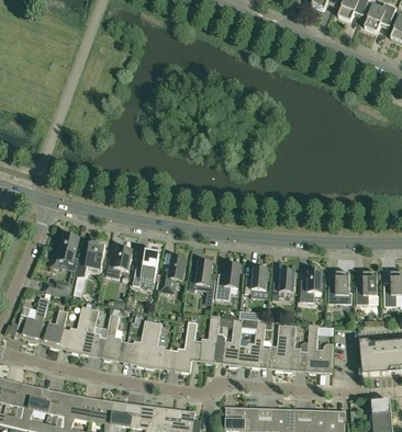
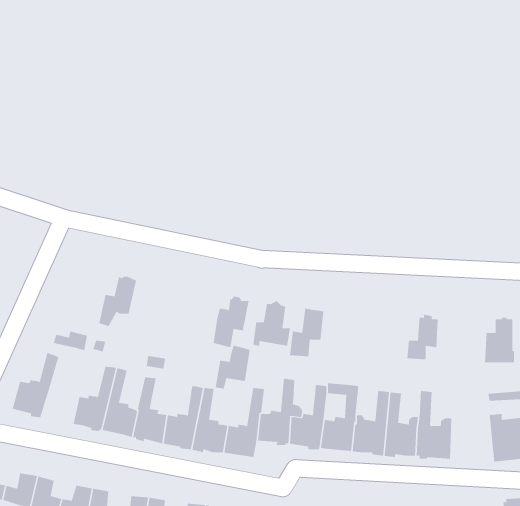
building: [52,232,79,270] -> none
building: [105,246,133,277] -> none
building: [133,252,158,284] -> [215,345,250,389]
building: [245,263,268,292] -> none
building: [272,269,295,299] -> none
building: [328,269,353,303] -> none
building: [36,308,68,348] -> none

